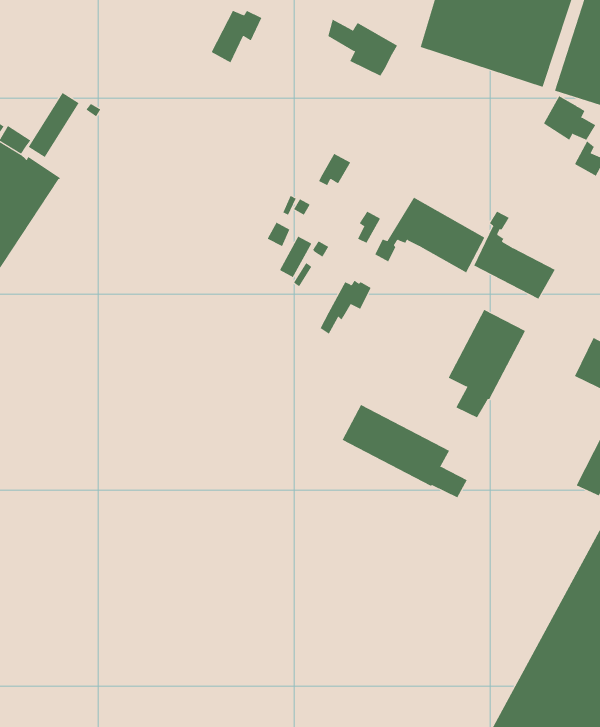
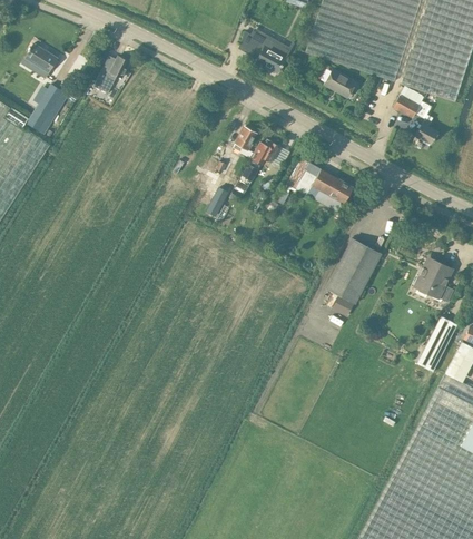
building: [211,10,262,63] -> [93,56,130,94]
building: none -> [26,43,58,72]
building: none -> [324,69,356,97]
building: [474,211,555,300] -> none
building: [320,280,371,335] -> [243,140,279,179]
building: [342,404,468,498] -> none

